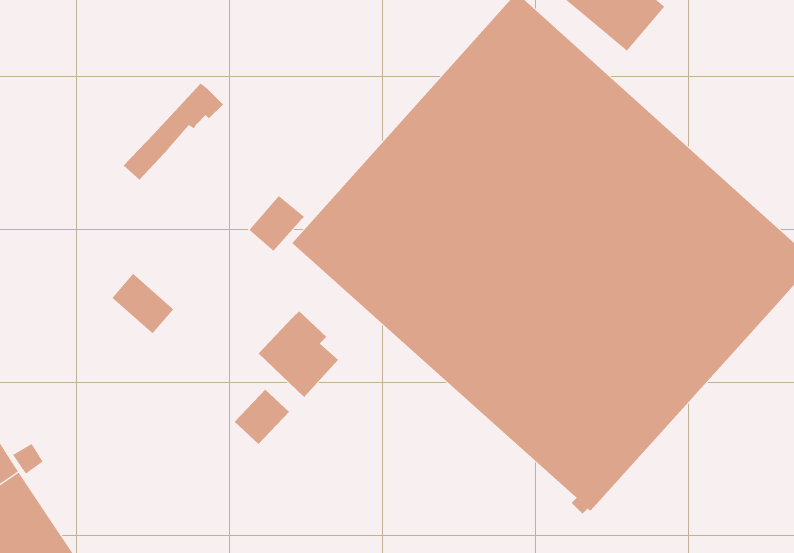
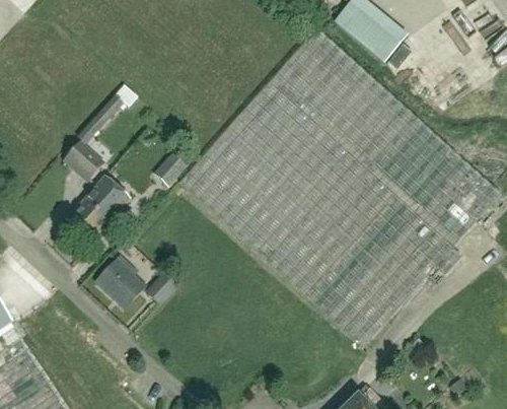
building: none -> [64,143,103,182]
building: none -> [82,176,129,222]
building: [258,310,339,398] -> [95,254,145,308]

